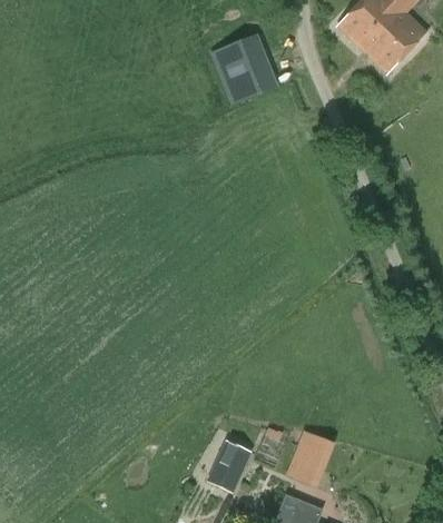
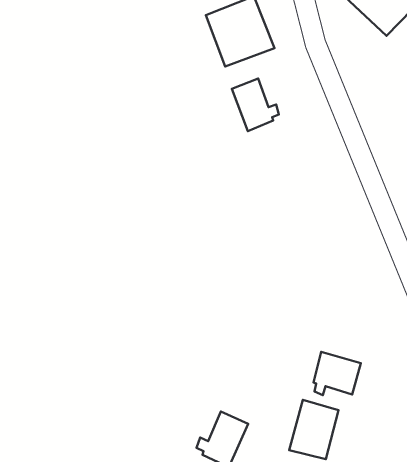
building: none -> [232,78,279,131]
building: none -> [313,352,361,395]

